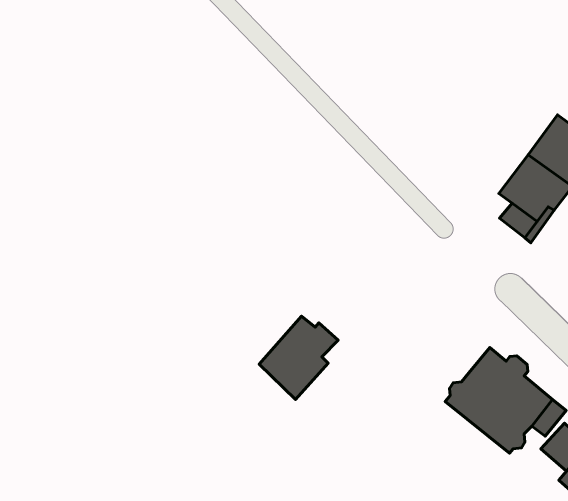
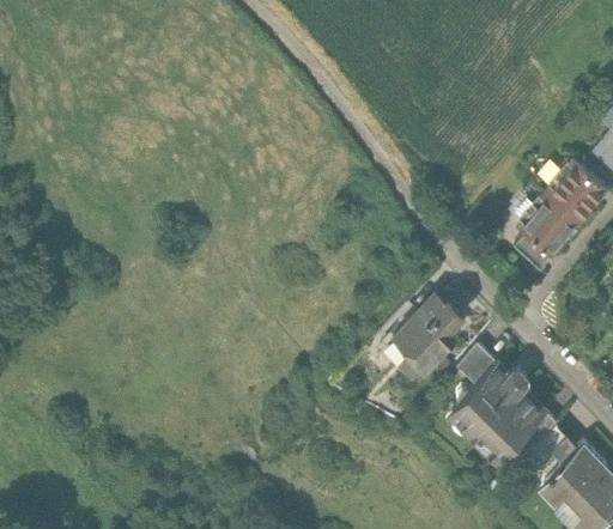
building: [259,316,338,399] -> [395,293,466,365]
building: none -> [456,343,496,383]

